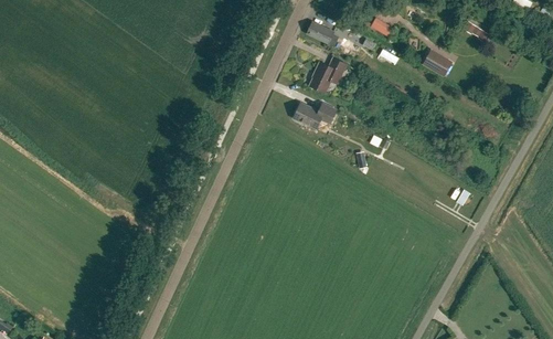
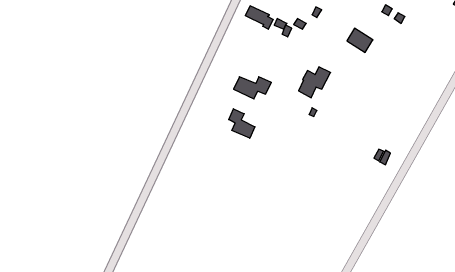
building: [310,57,347,93] -> [299,67,331,98]
building: none -> [229,109,255,138]

